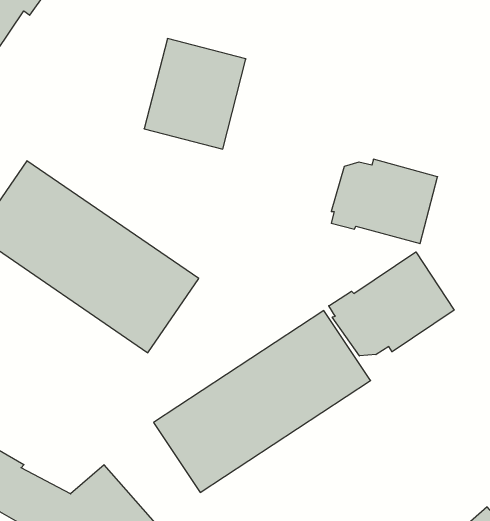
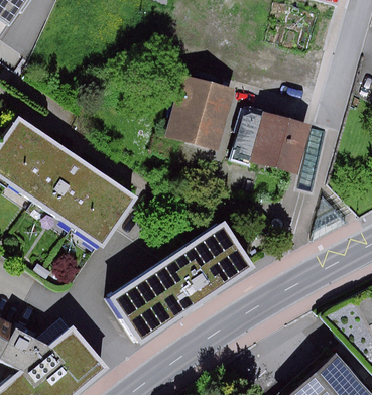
building: [144,39,246,149] -> [160,75,231,151]
building: [329,252,454,356] -> none

